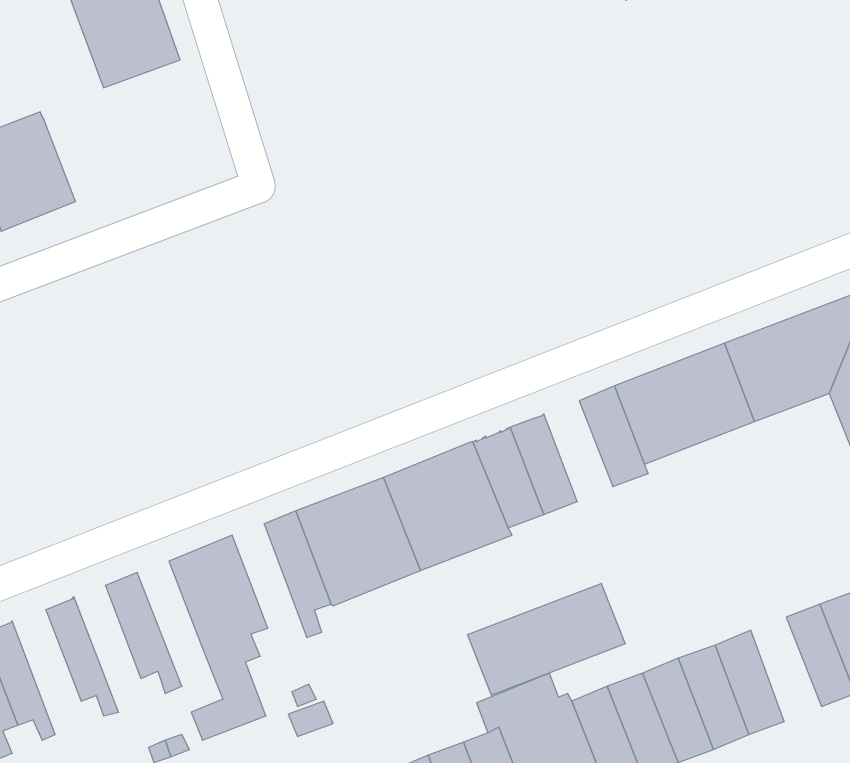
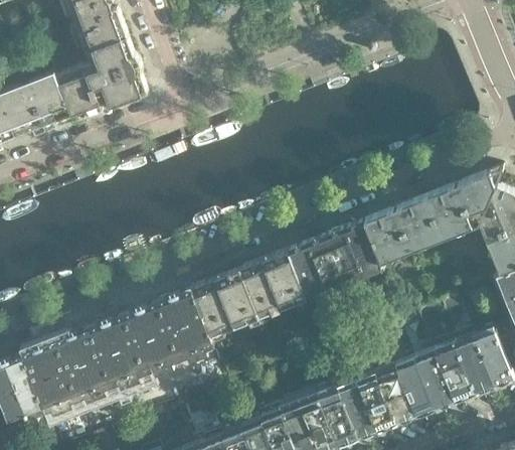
building: none -> [56,44,148,121]
building: none -> [326,229,363,283]
building: none -> [158,295,201,366]
building: none -> [107,315,143,383]
building: [467,583,625,695] -> none
building: none -> [72,328,109,397]
building: none -> [39,340,76,409]
building: none -> [438,345,476,402]

